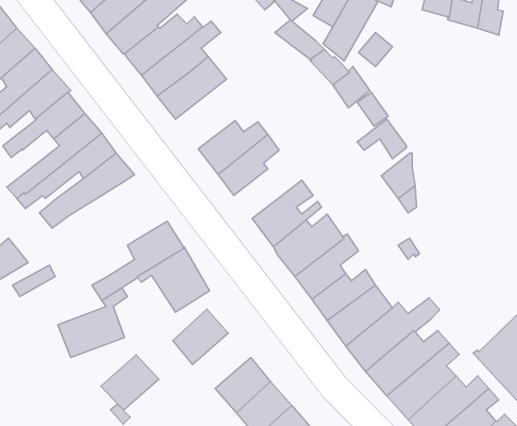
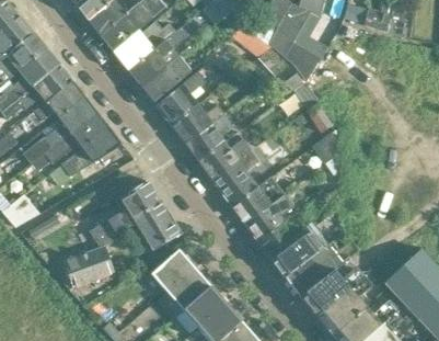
building: none -> [155,71,206,125]
building: none -> [198,138,251,179]
building: [101,355,159,410] -> [166,268,211,310]

